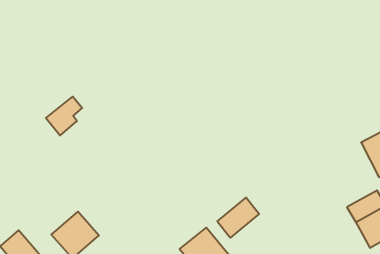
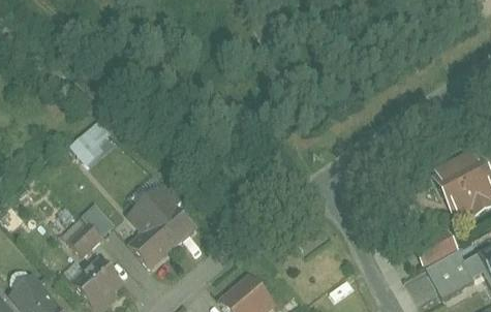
building: none -> [127,186,196,268]
building: none -> [67,220,101,254]
building: [217,198,259,238] -> none

